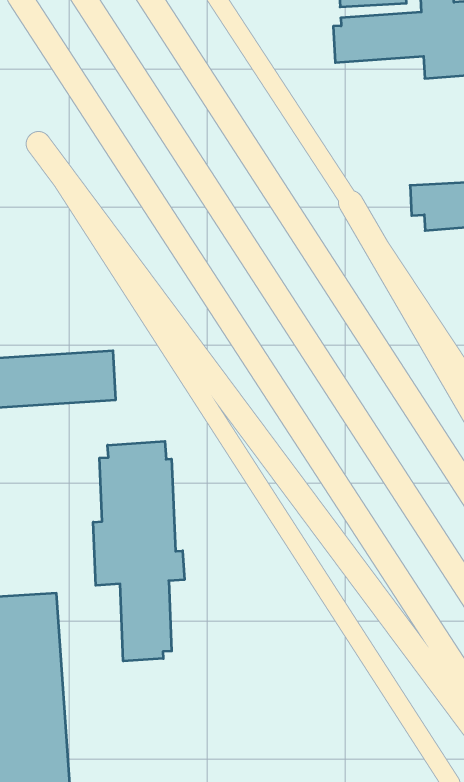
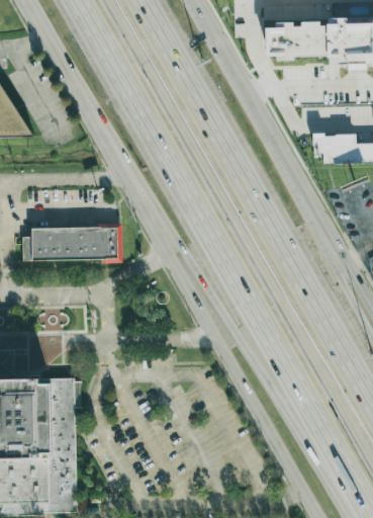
building: [93,441,184,661] -> none

